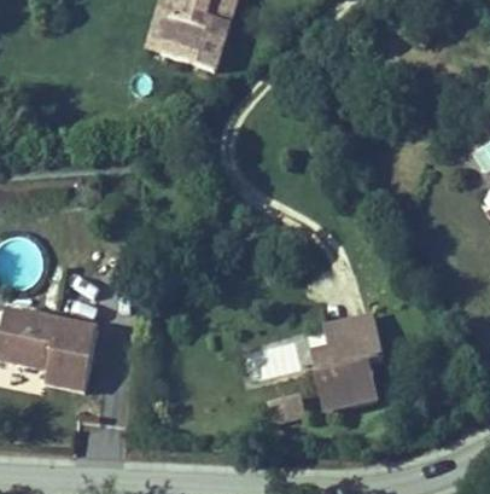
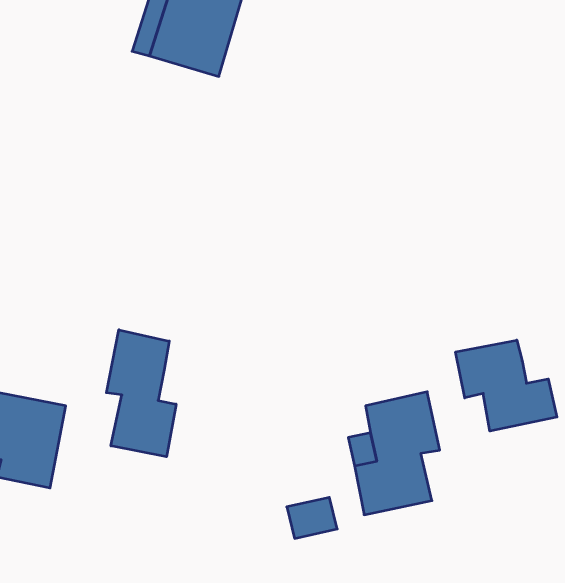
building: none -> [106,330,176,457]
building: none -> [456,340,557,431]

